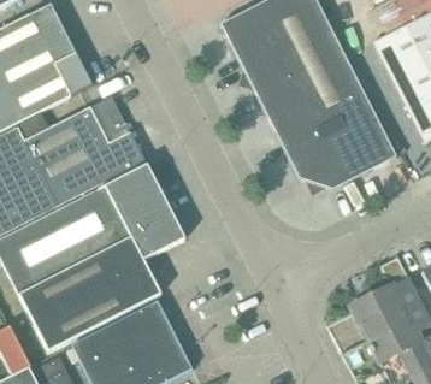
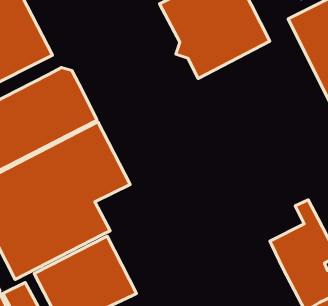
building: [265,66,395,191] -> none

